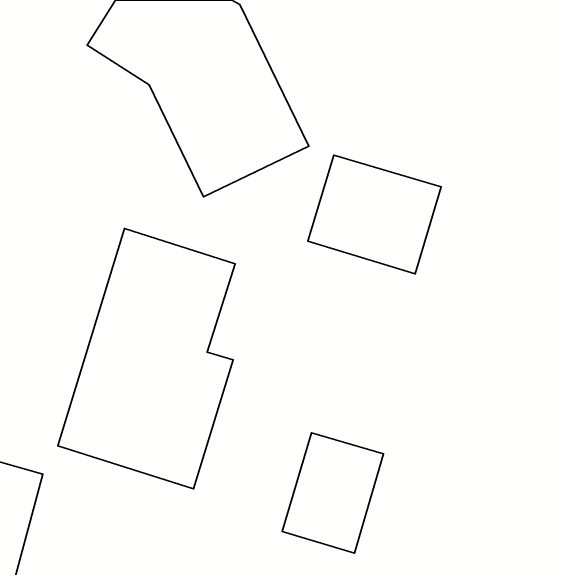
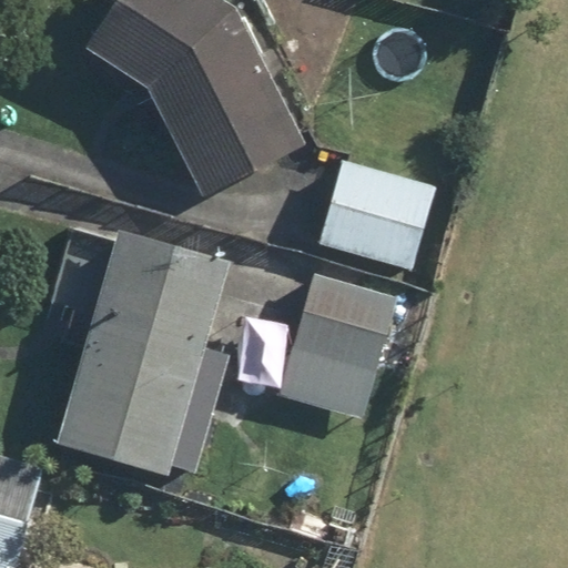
building: none -> [280,273,400,418]
building: [282,433,383,553] -> none

